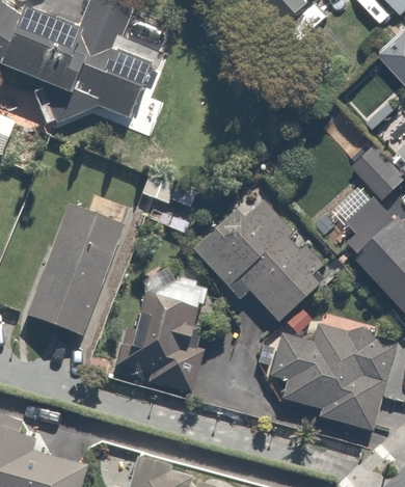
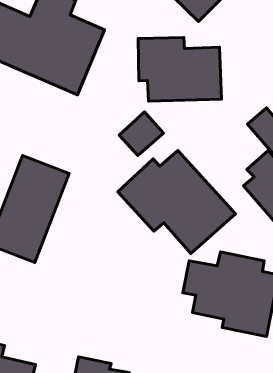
building: none -> [138,37,222,101]
building: none -> [119,112,164,156]
building: [126,266,209,393] -> none

